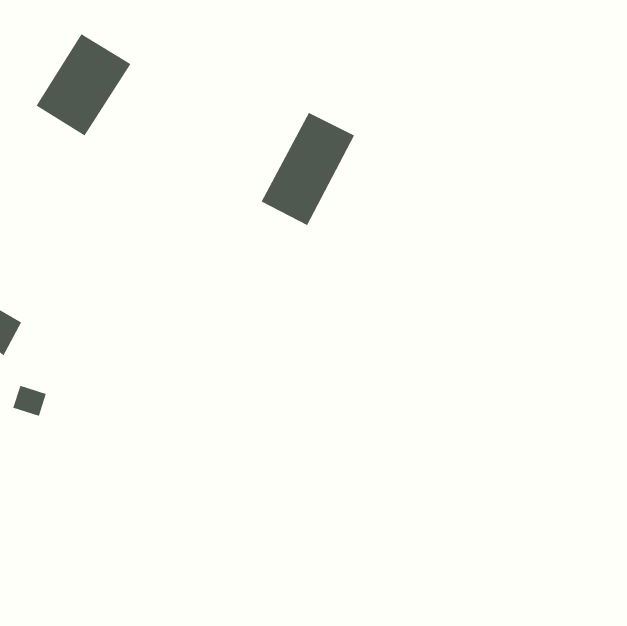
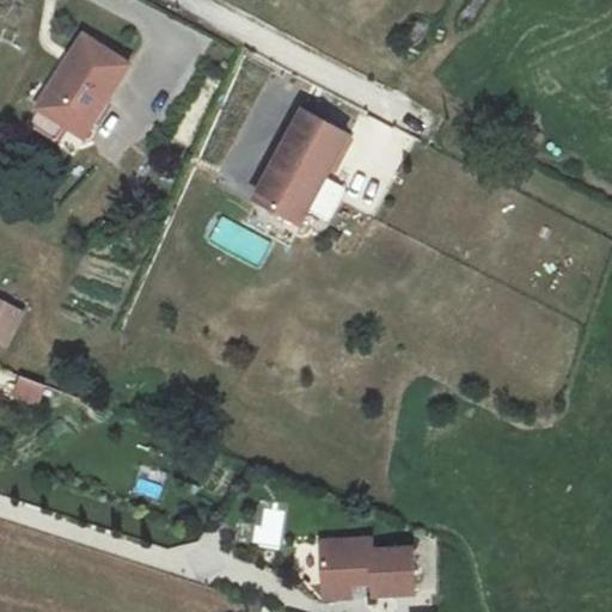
building: none -> [319,540,412,599]

